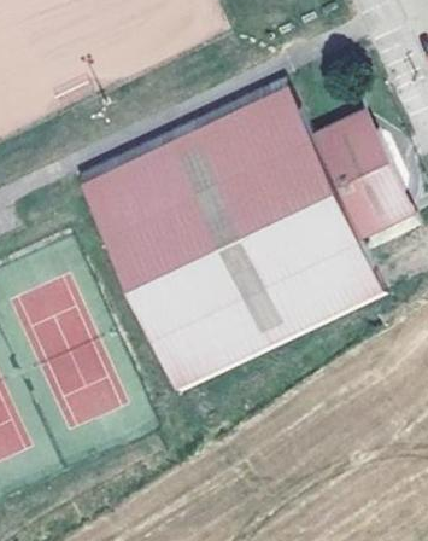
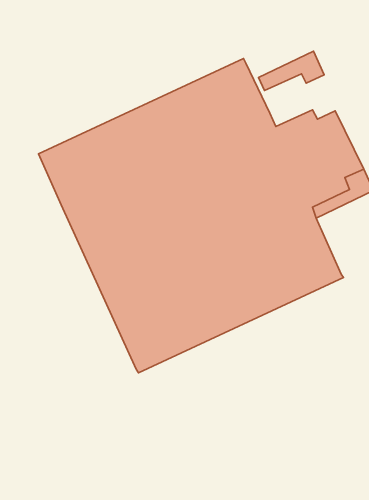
building: [311,106,377,146] -> [259,51,324,90]

